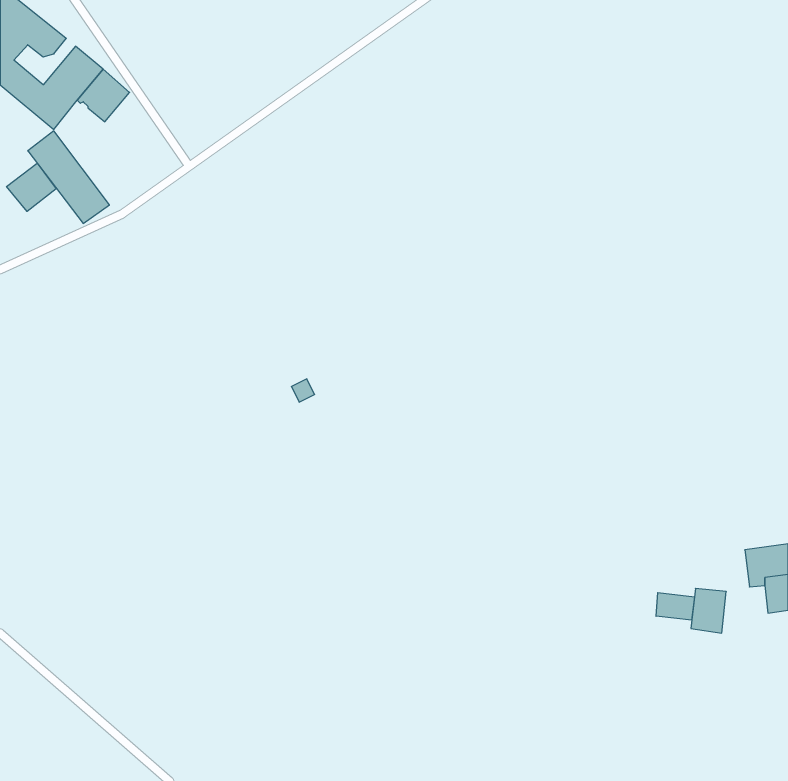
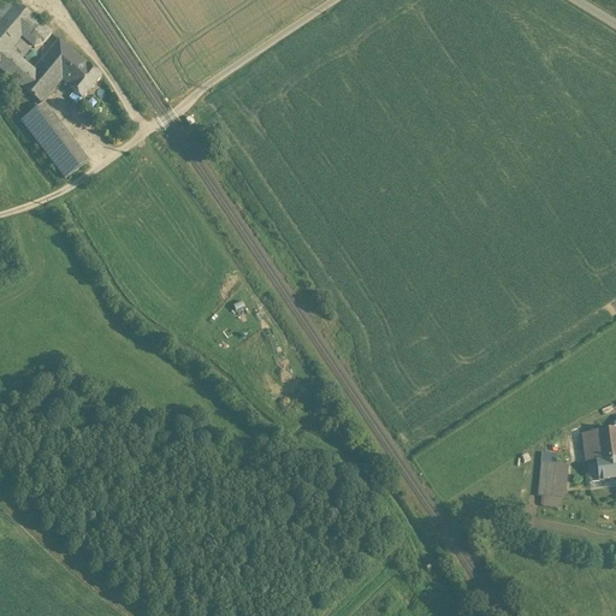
building: [7,163,56,211] -> none
building: [656,593,695,620] -> none

